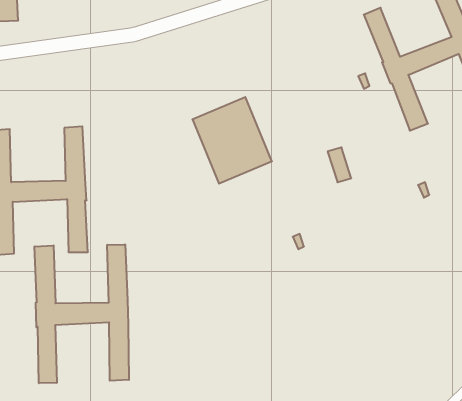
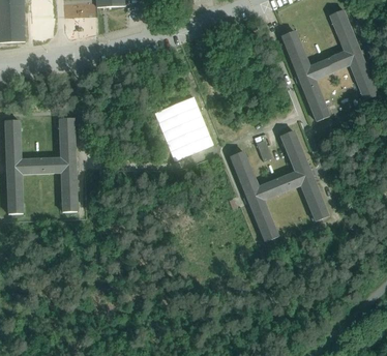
building: none -> [230,130,328,241]
building: [35,244,129,383] -> none

